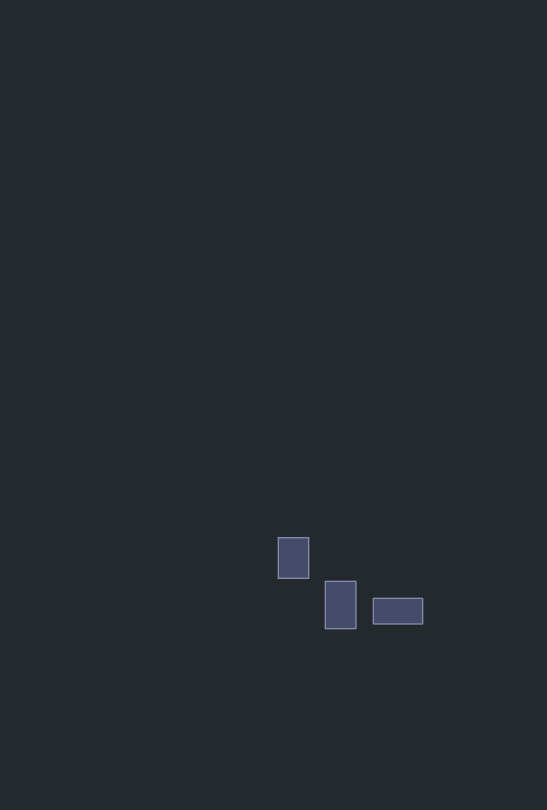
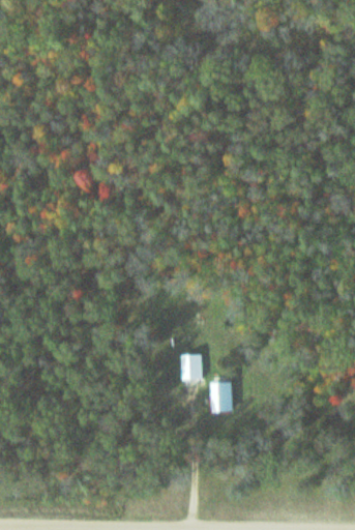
building: [374,598,422,624] -> none

